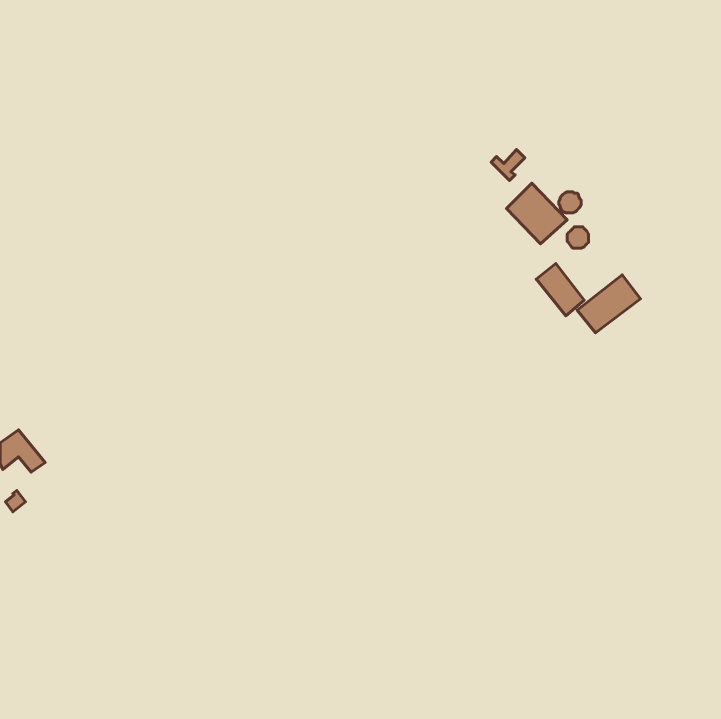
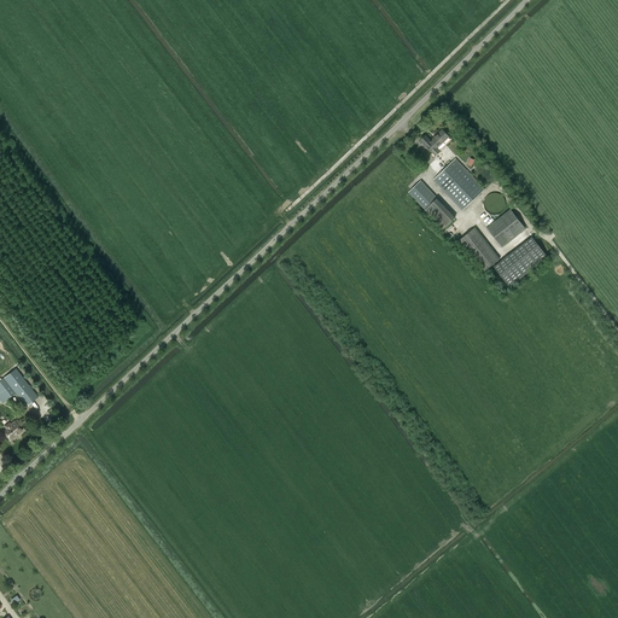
building: none -> [408,180,455,228]
building: none -> [486,208,525,245]

